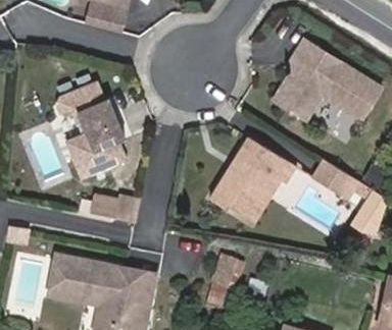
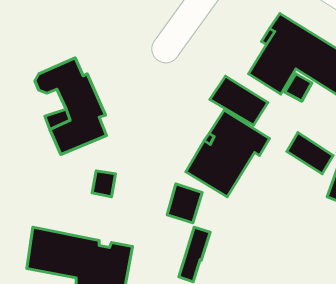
building: none -> [210,76,268,125]
building: none -> [167,184,202,223]

